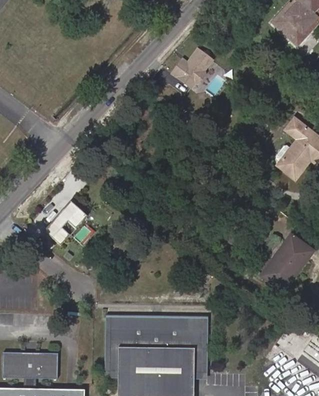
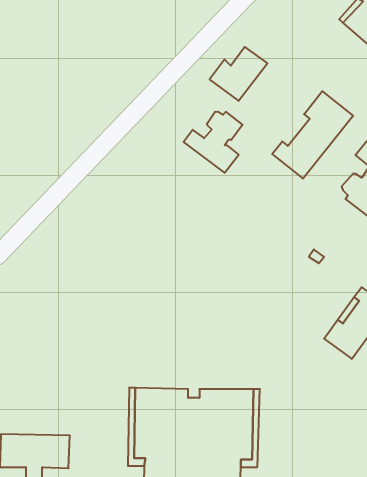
building: none -> [272,91,353,179]
building: none -> [184,112,243,173]
building: [46,200,88,245] -> none

